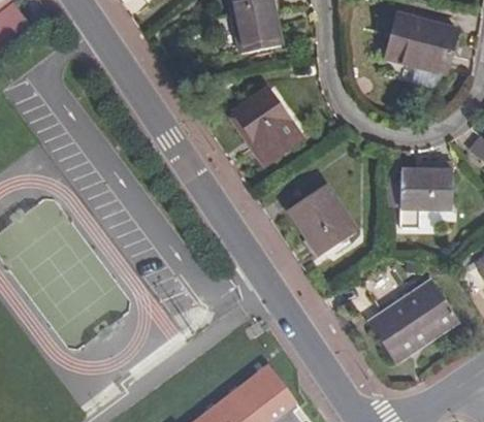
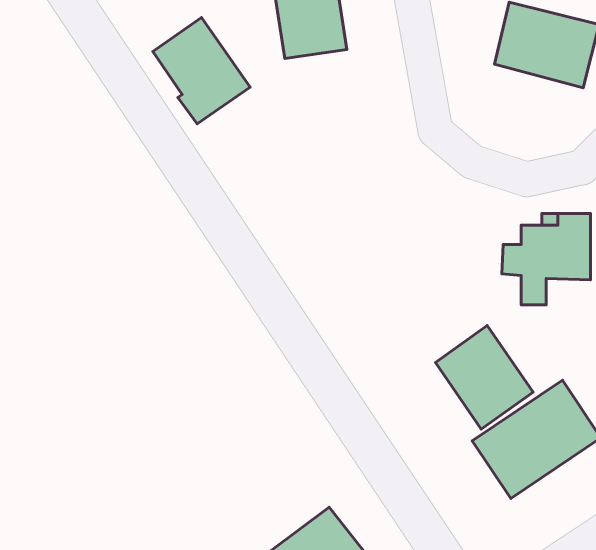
building: [233,90,301,164] -> [153,18,250,124]
building: [289,184,357,256] -> [436,326,533,429]

